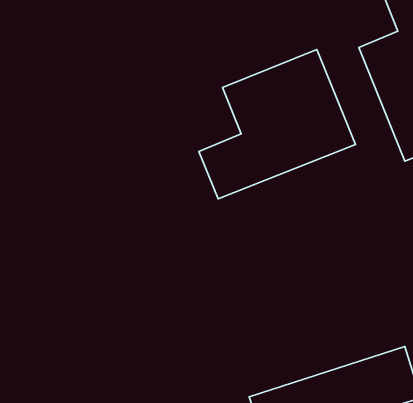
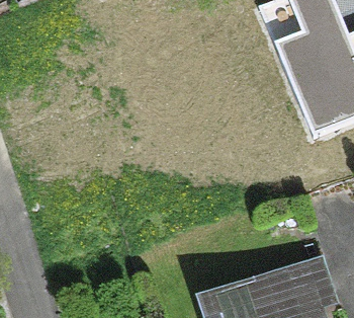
building: [199,49,355,199] -> none

